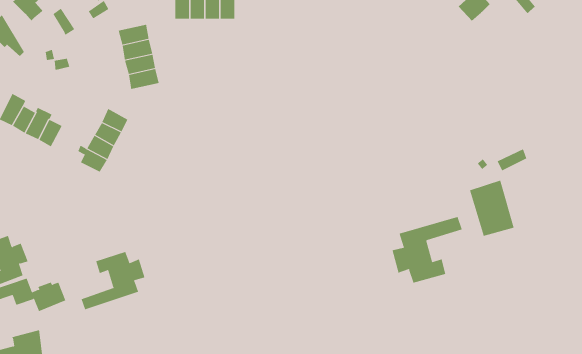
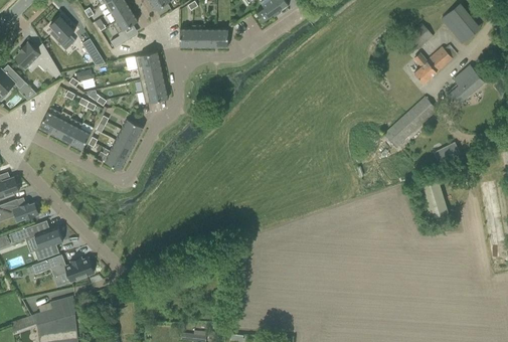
building: none -> [412,45,457,83]
building: none -> [447,64,485,106]
building: none -> [384,97,437,147]
building: [392,216,462,284] -> none
building: [81,251,145,310] -> none

